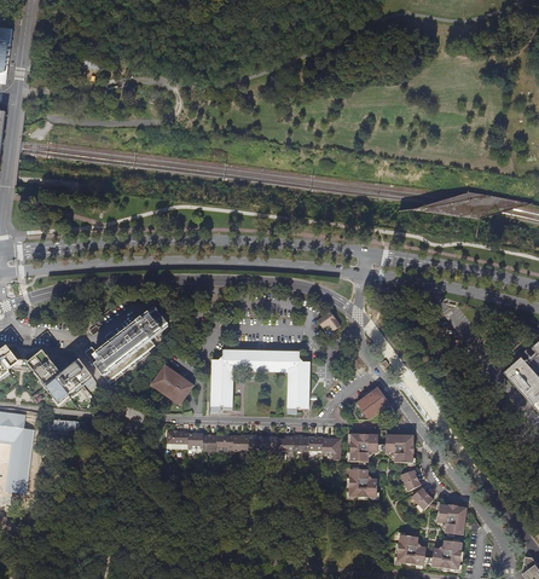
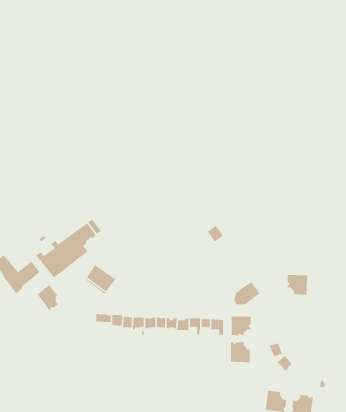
building: [210,349,309,407] -> none
building: none -> [37,284,59,311]
building: [384,433,413,462] -> [287,274,308,295]
building: [436,503,466,534] -> none

